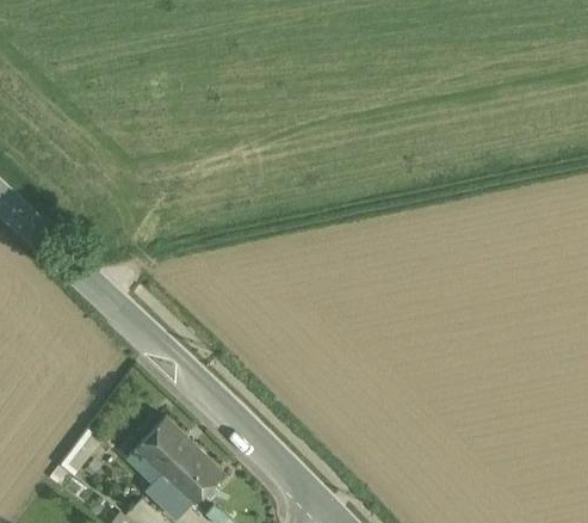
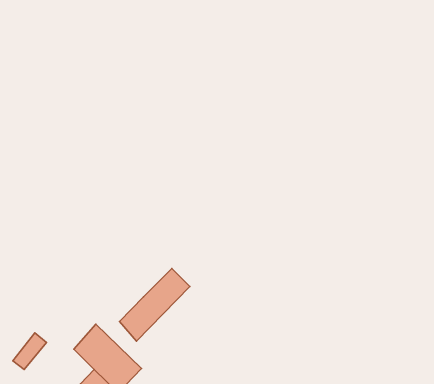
building: none -> [119,268,190,341]

